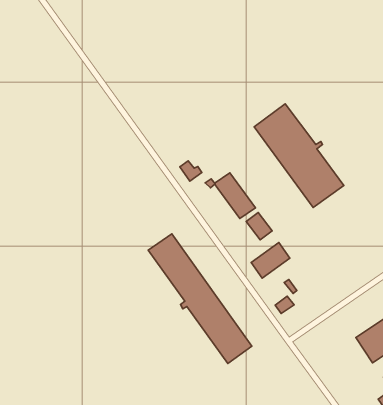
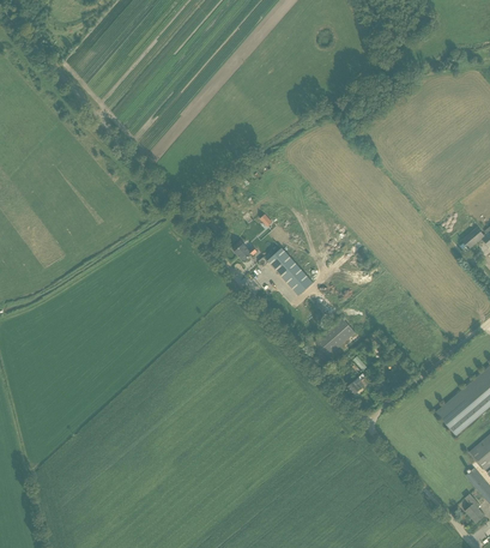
building: [254,104,344,207] -> none
building: [148,234,252,364] -> none

